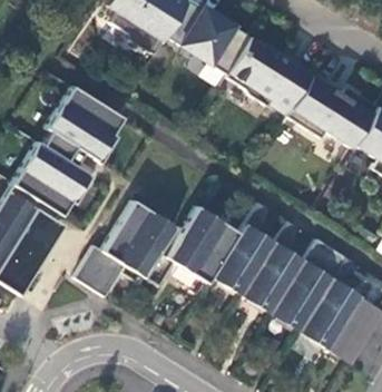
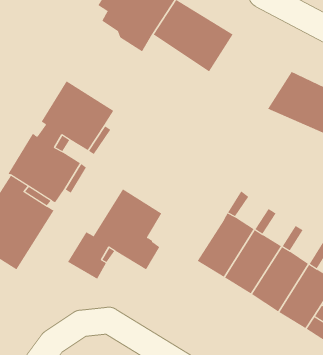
building: [226,37,313,116] -> none
building: [166,206,241,284] -> none

